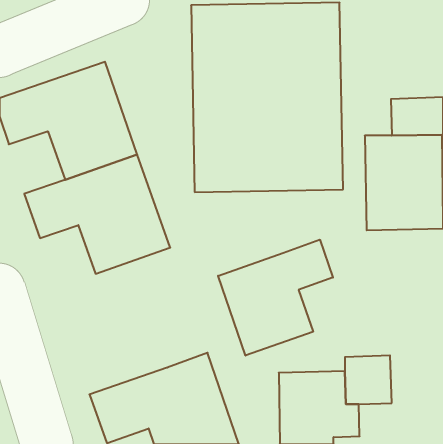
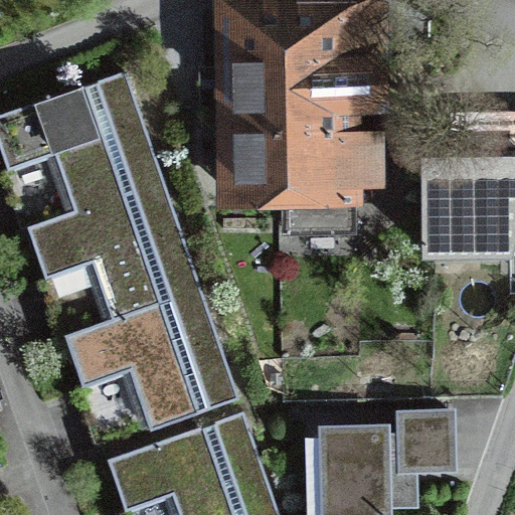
building: [218,240,333,356] -> none
building: none -> [64,287,240,425]

